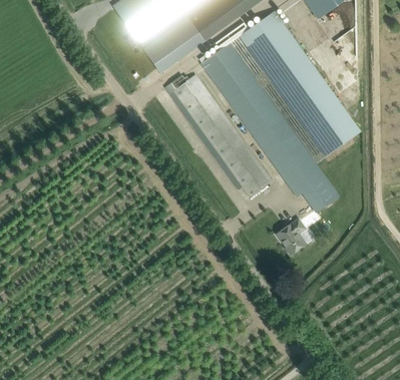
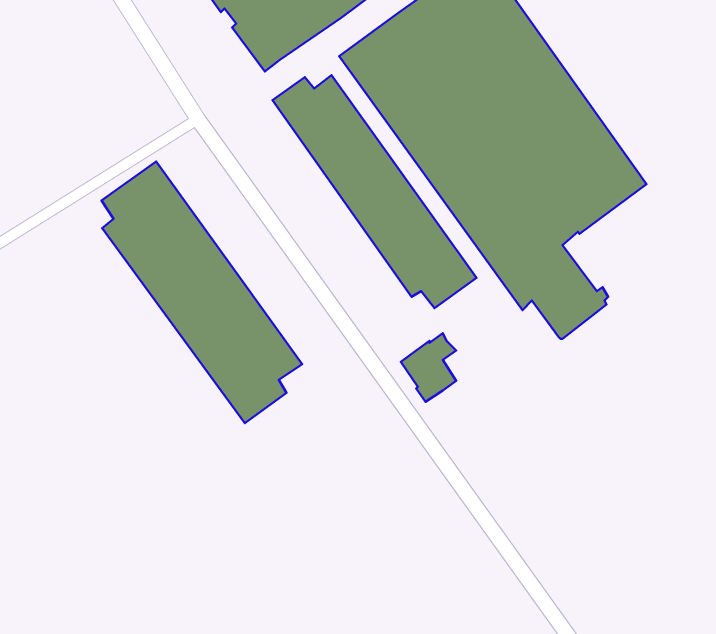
building: none -> [102,161,302,423]
building: [277,219,306,255] -> [401,333,456,402]

